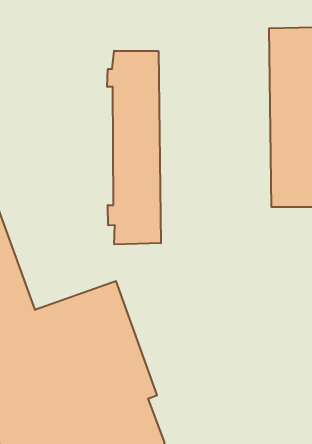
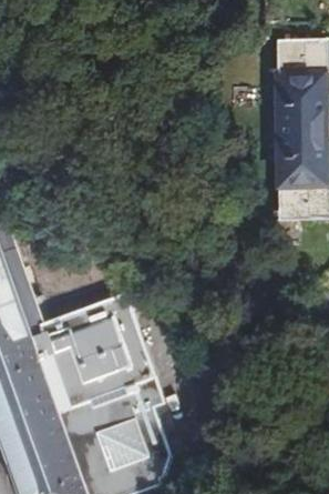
building: [107,51,161,244] -> none

